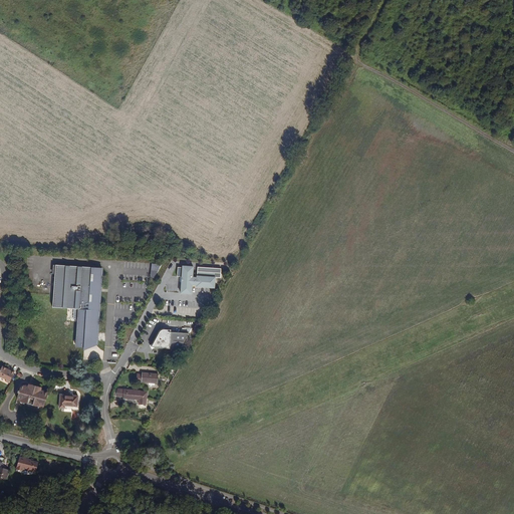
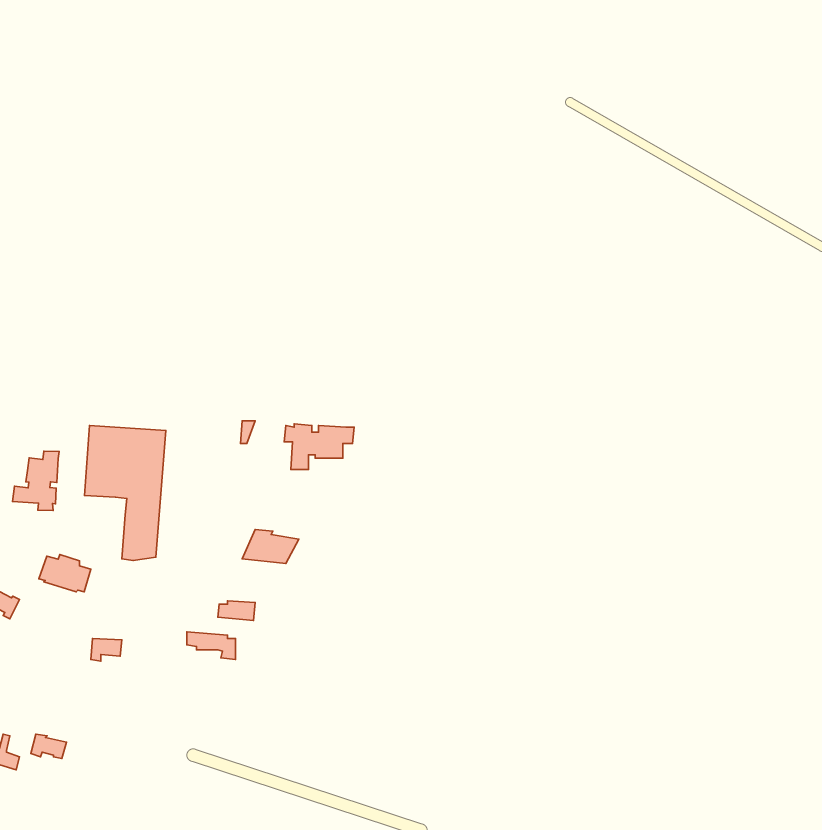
building: none -> [13,451,59,511]
building: [13,384,45,408] -> [39,554,91,592]

